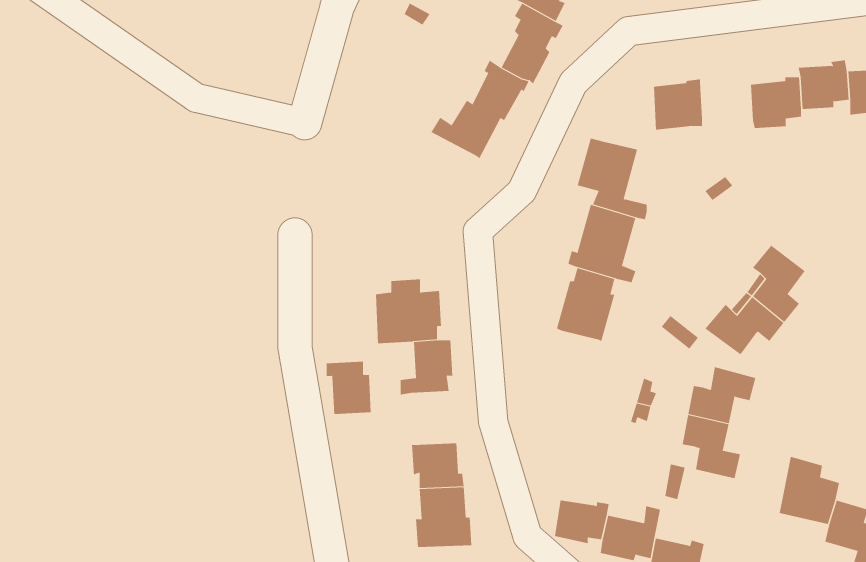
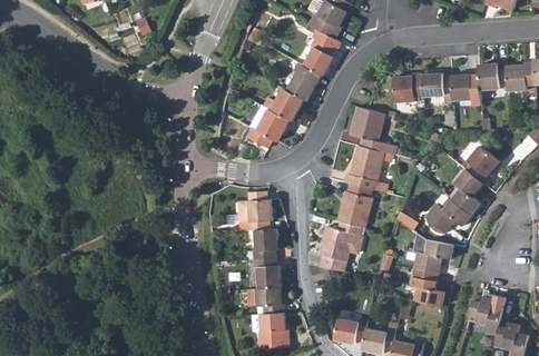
building: none -> [421,75,451,99]
building: none -> [246,102,288,146]
building: none -> [463,147,497,186]
building: none -> [316,220,361,270]
building: [326,361,372,414] -> [252,256,278,287]

